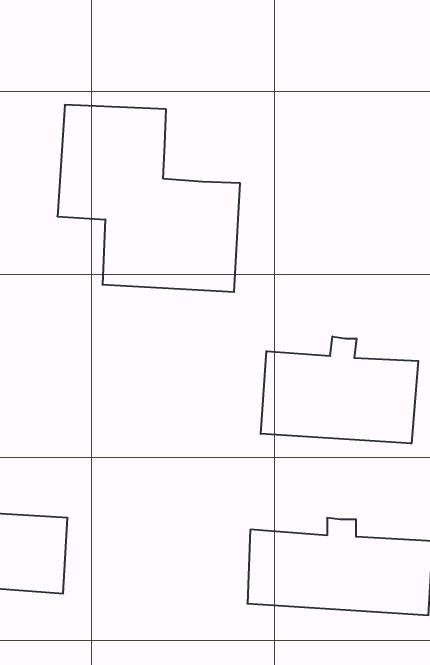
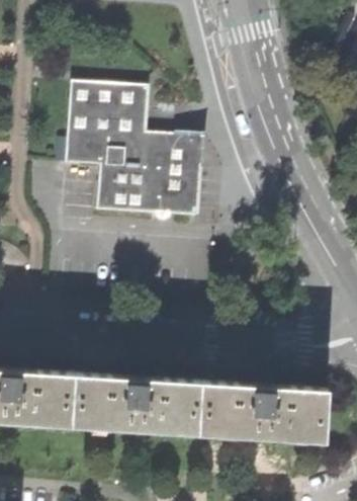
building: [261,336,418,444] -> none
building: none -> [71,368,201,435]

